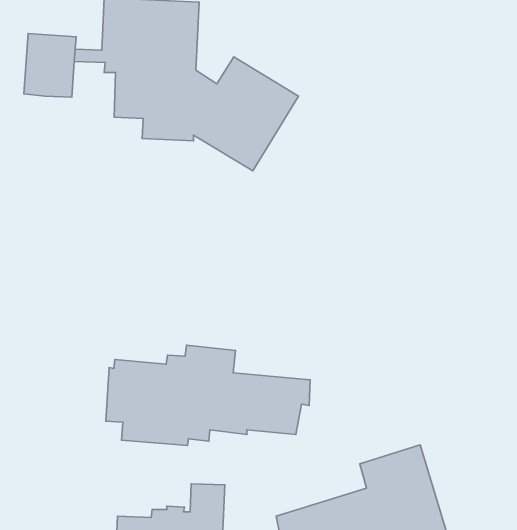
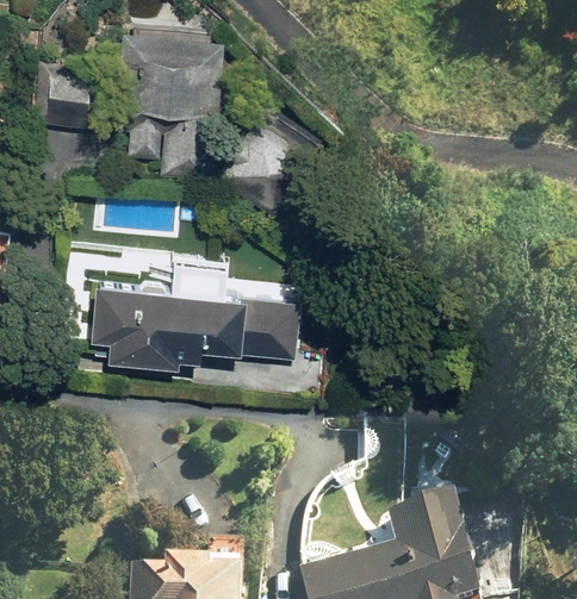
building: [106,345,310,446] -> [89,264,308,372]

